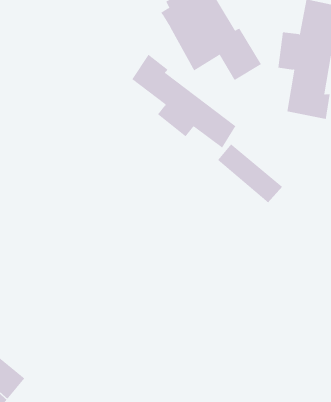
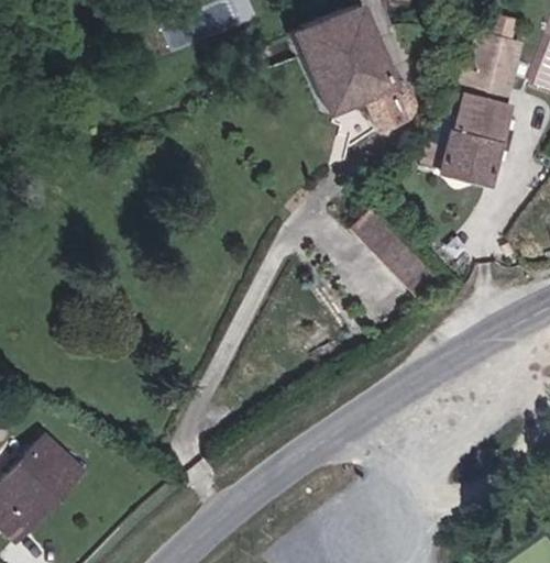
building: [132,54,236,149] -> none

